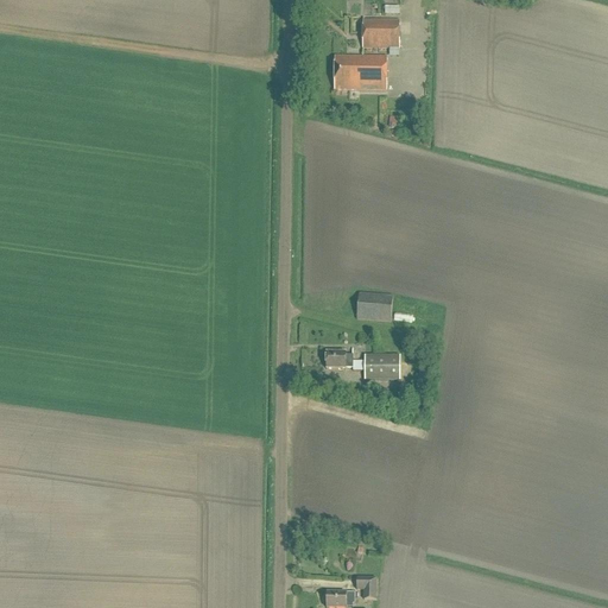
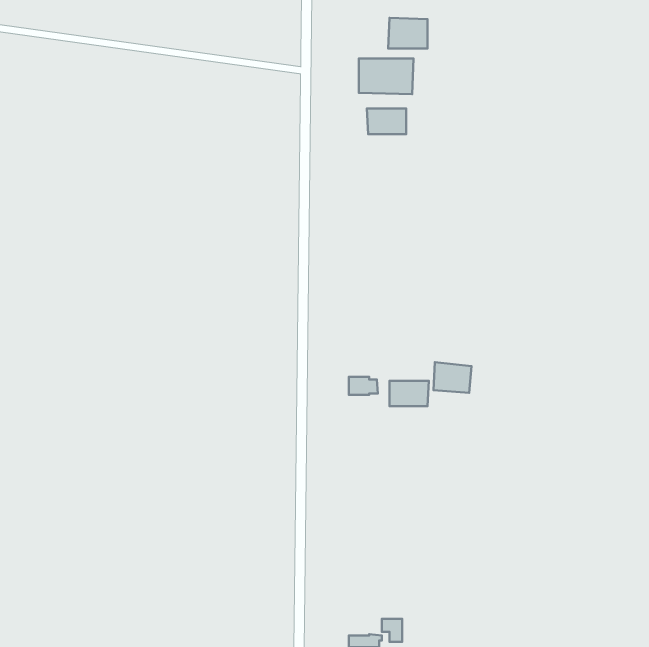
building: none -> [367,109,406,134]
building: [356,292,392,321] -> [433,362,472,393]

